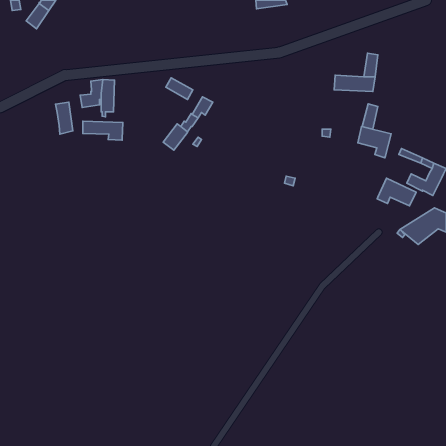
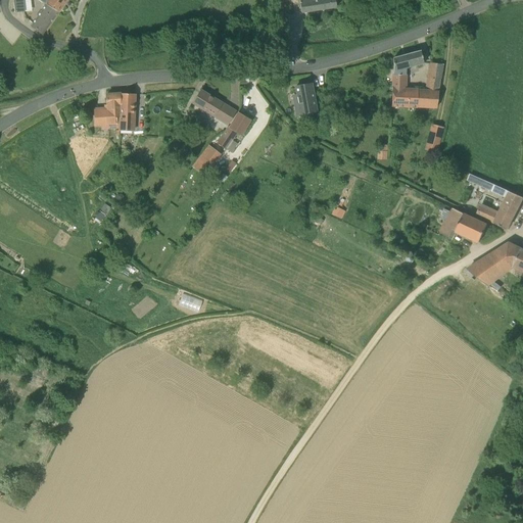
building: none -> [392,50,424,89]
building: none -> [291,84,317,123]
building: [56,102,73,134] -> none
building: [83,121,123,140] -> none
building: [358,126,391,158] -> none

